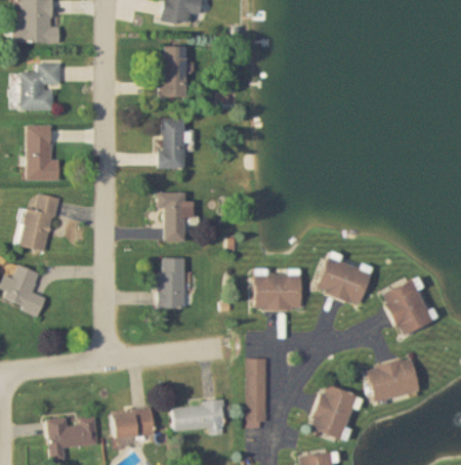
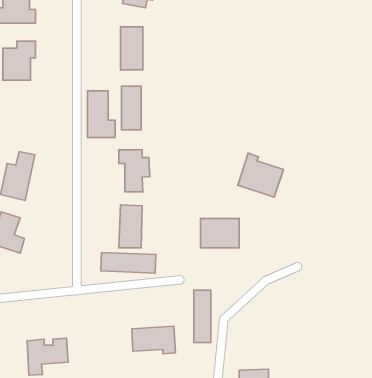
building: [26,125,58,180] -> [88,91,115,137]
building: [317,253,371,305] -> [238,153,283,197]
building: [383,281,433,336] -> none
building: none -> [101,252,156,273]
building: [368,357,420,401] -> none
building: [310,384,359,439] -> none
building: [113,409,154,440] -> none

